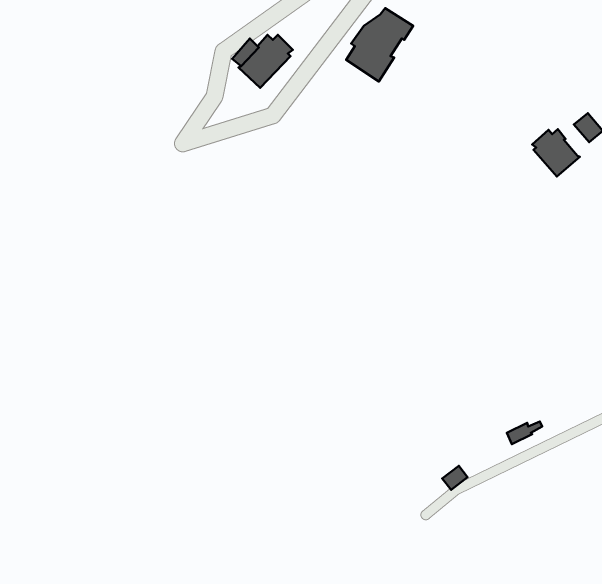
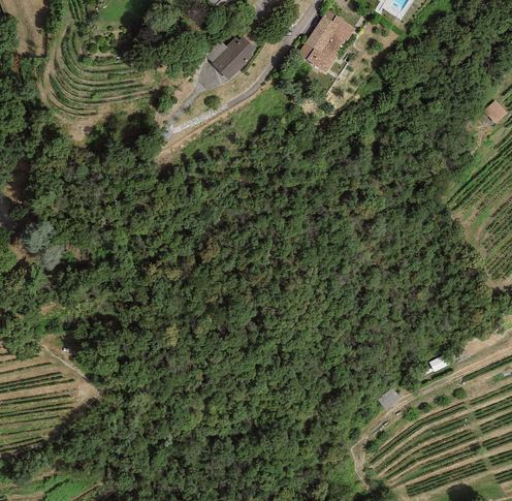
building: [532,129,580,176] -> none

